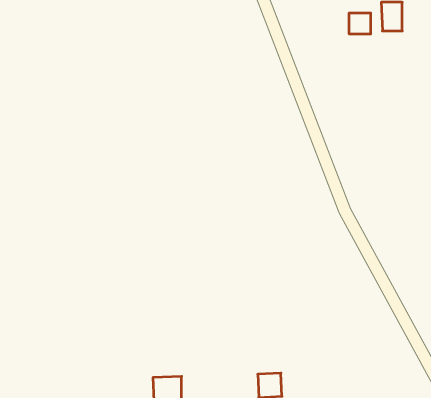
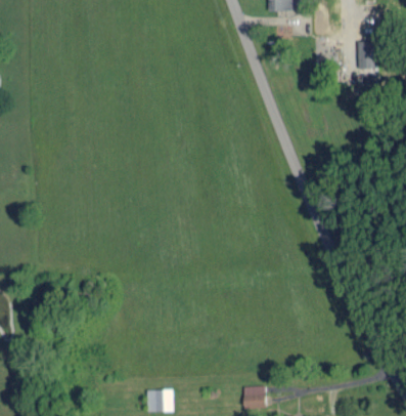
building: [349,13,371,34] -> none

